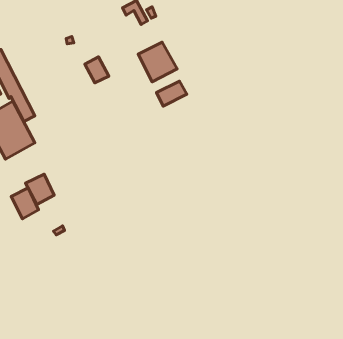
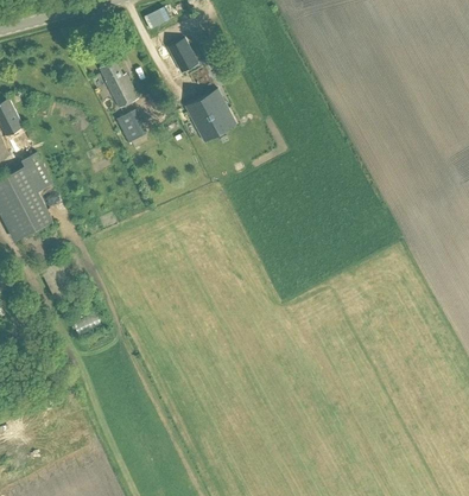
building: none -> [99,59,137,107]
building: [156,81,187,106] -> none
building: [11,188,39,219] -> none

